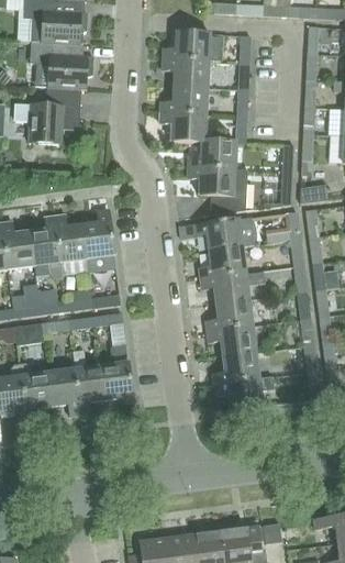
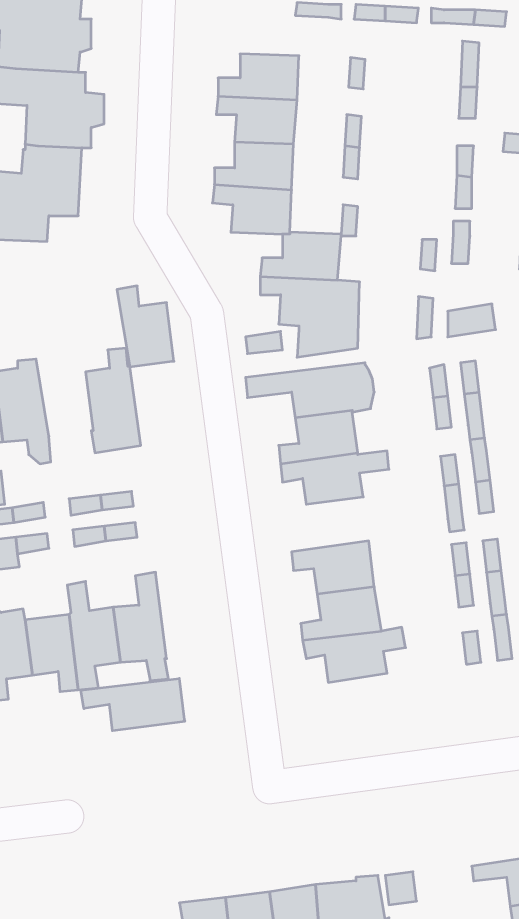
building: [54,213,88,262] -> [117,286,174,367]
building: [205,298,253,331] -> none
building: none -> [81,678,185,731]

